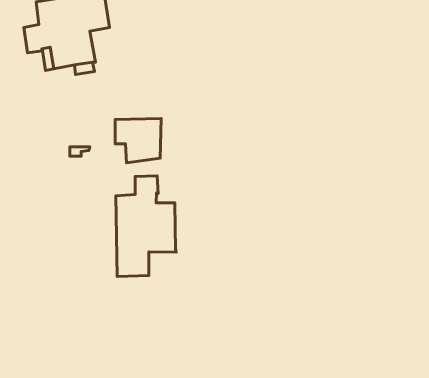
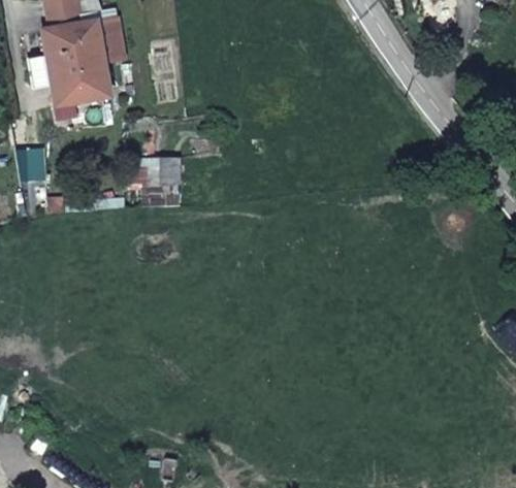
building: [116,176,176,276] -> none

